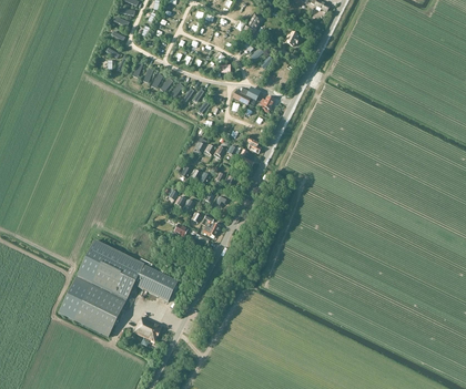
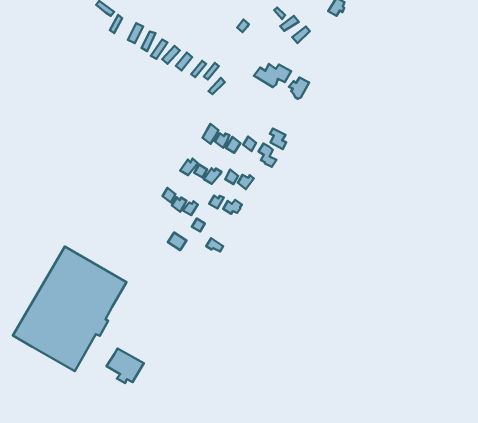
building: [133,264,178,300] -> none

